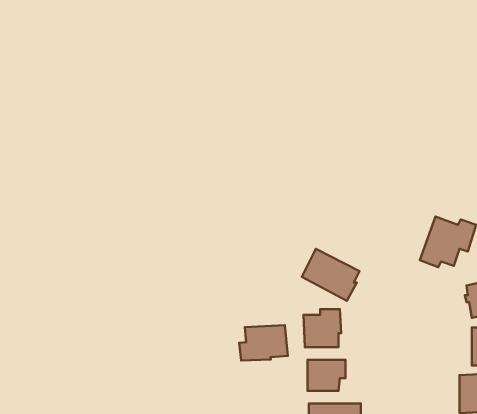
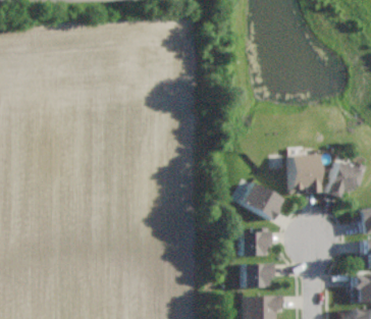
building: none -> [289,153,317,194]
building: [239,325,288,360] -> none

